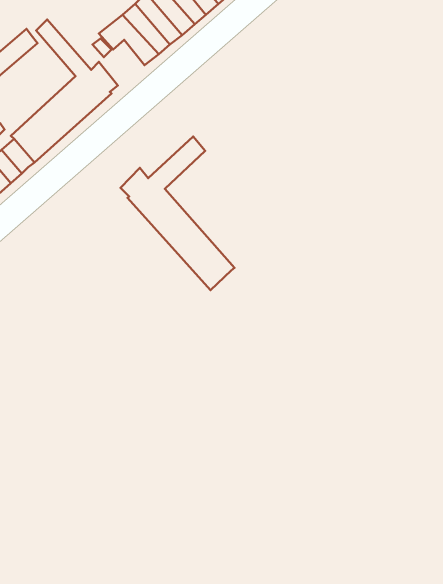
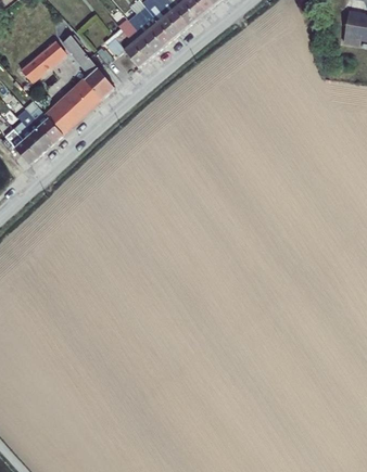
building: [121,136,234,290] -> none

